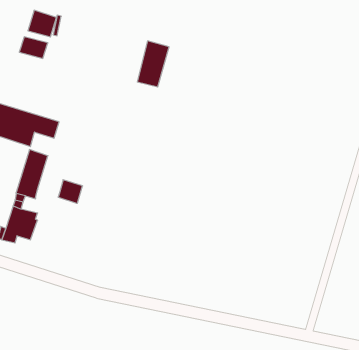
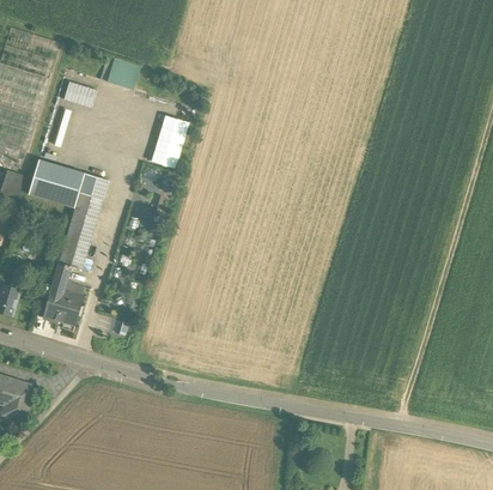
building: [28,10,57,37] -> [108,58,141,89]
building: [137,41,169,87] -> [150,113,187,167]
building: [58,180,83,203] -> [74,192,103,219]

